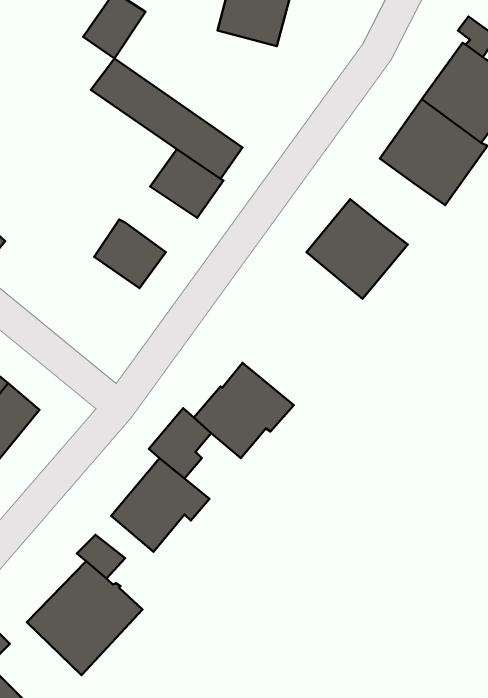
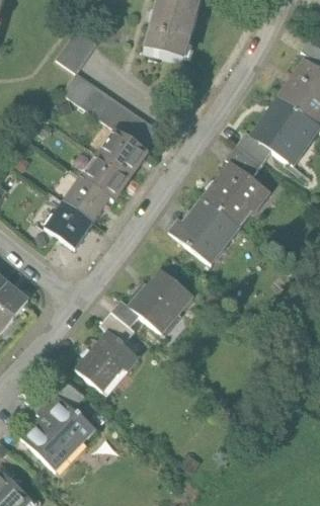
building: none -> [226,133,270,179]
building: none -> [83,154,130,198]
building: none -> [167,196,237,262]
building: none -> [45,199,92,246]

